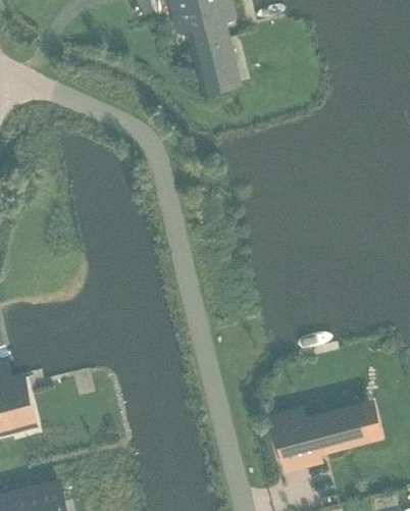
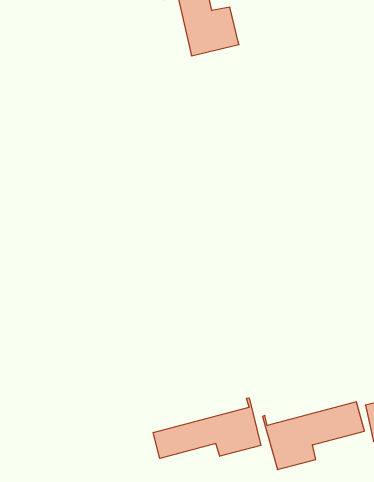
building: none -> [153,398,261,458]

